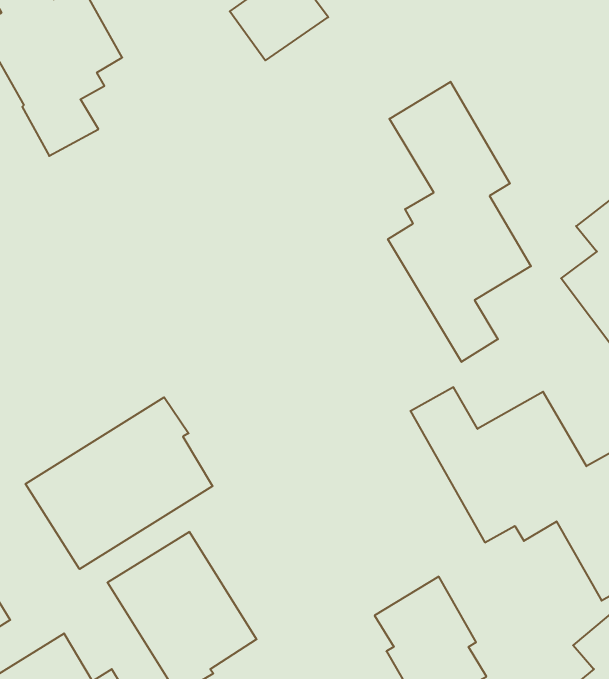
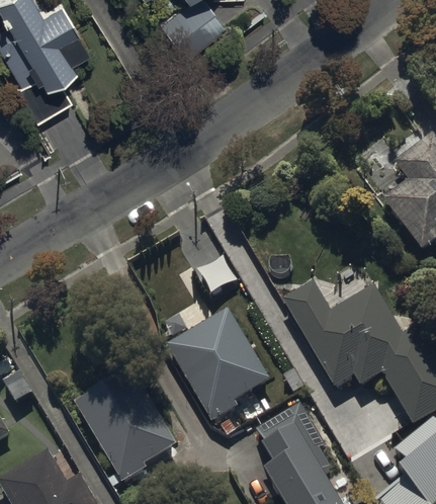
building: [388,82,531,362] -> none
building: [26,397,213,569] -> none
building: none -> [167,313,273,426]

